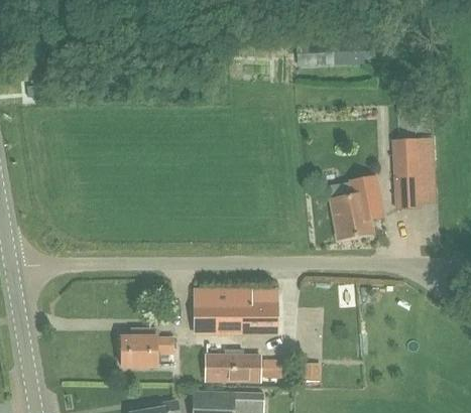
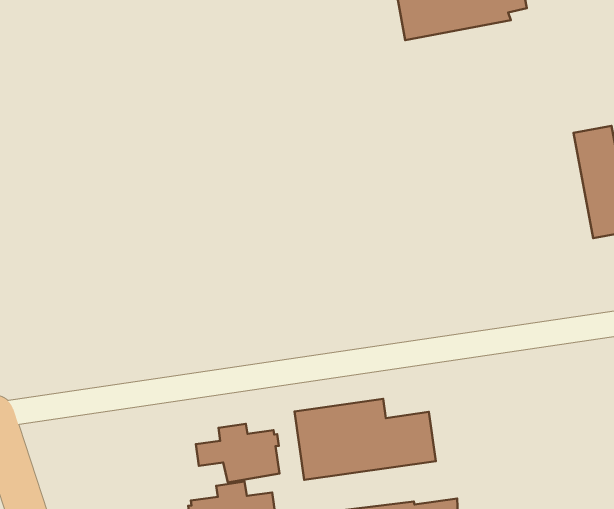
building: [331,175,386,238] -> none
building: none -> [196,424,280,482]

